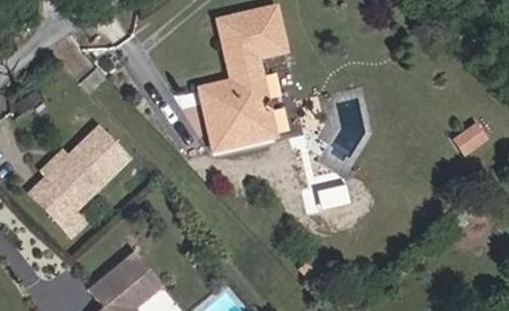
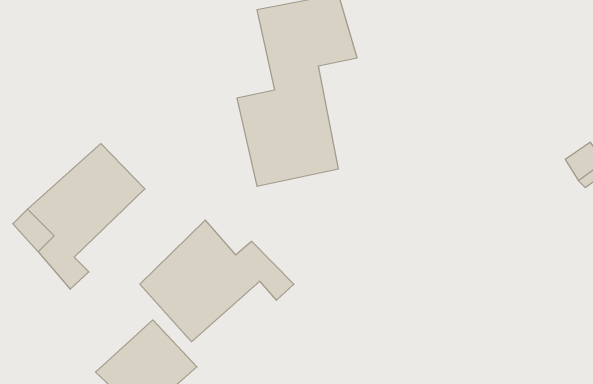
building: none -> [140,220,294,342]

